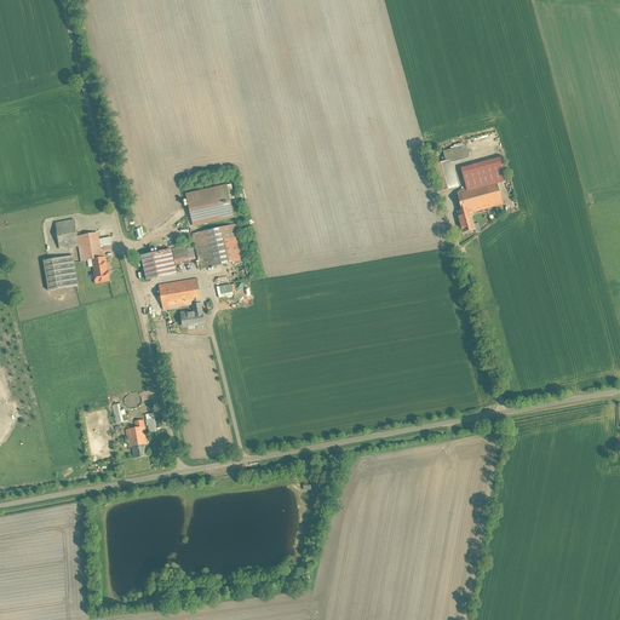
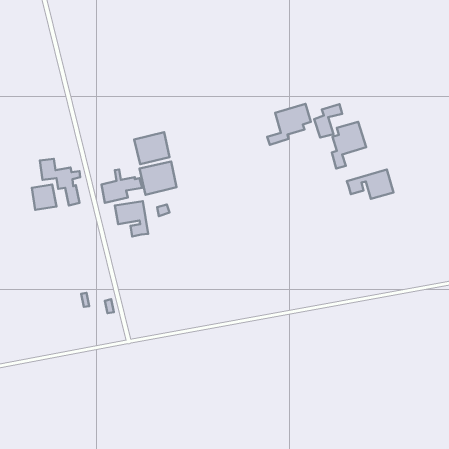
building: none -> [267,104,311,145]
building: none -> [347,170,394,199]
building: [124,418,148,457] -> none

